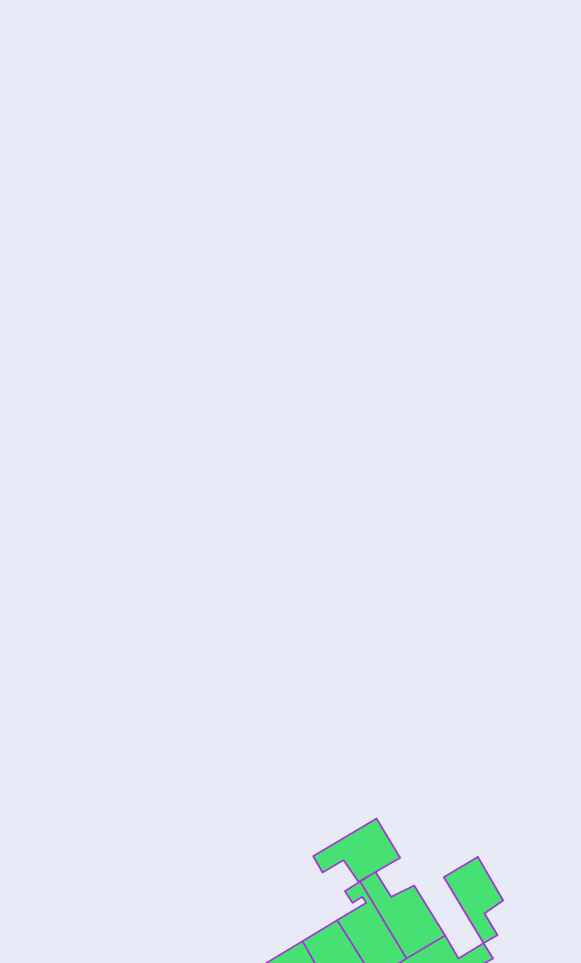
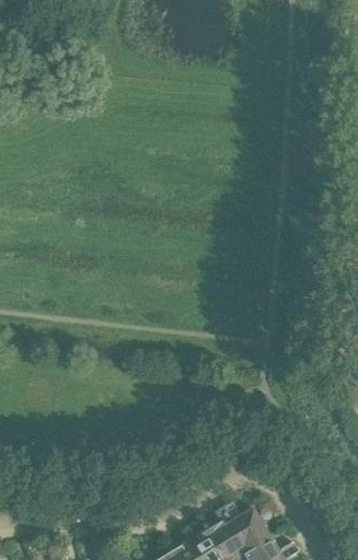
building: [313,818,400,882] -> none
building: [444,857,503,943] -> none

